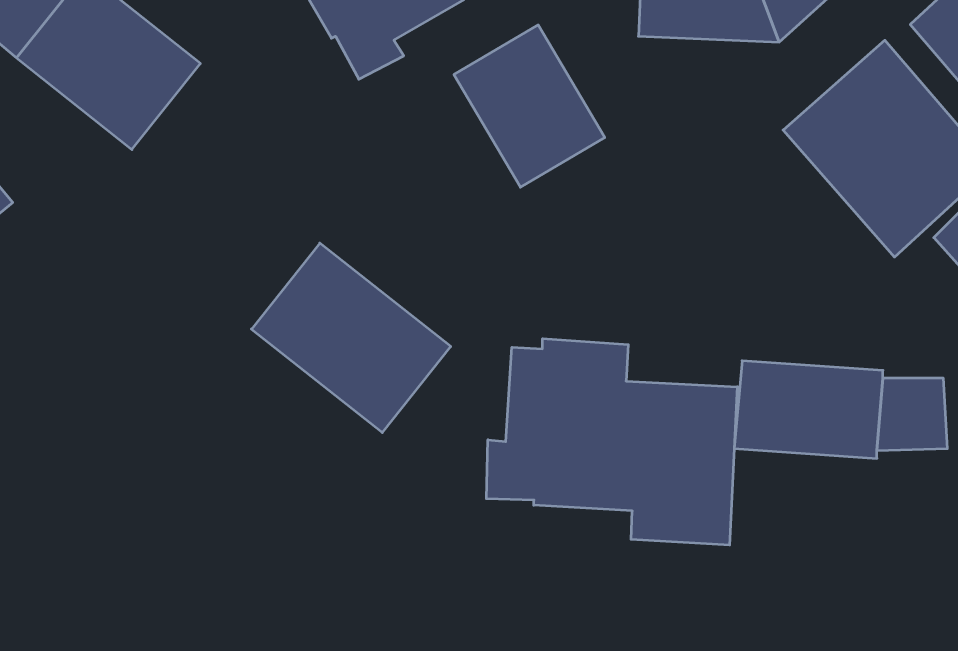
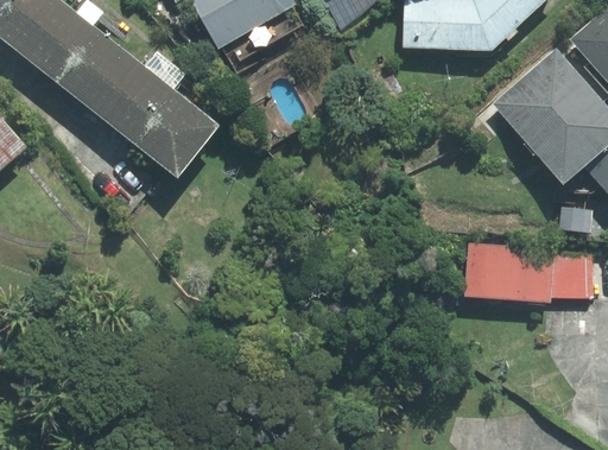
building: [454,25,605,187] -> none
building: [251,243,451,433] -> [99,63,220,178]
building: [486,339,737,545] -> none

